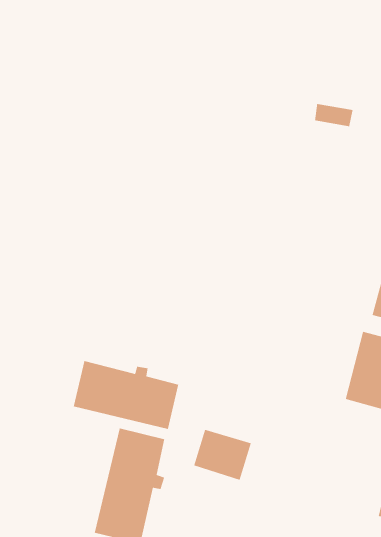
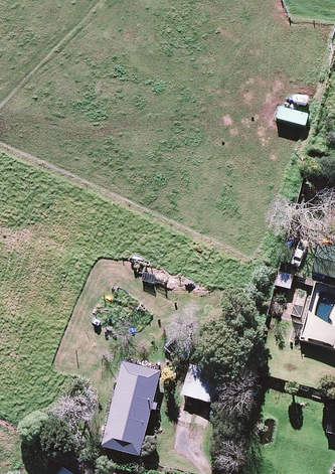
building: [73,360,179,430] -> none

